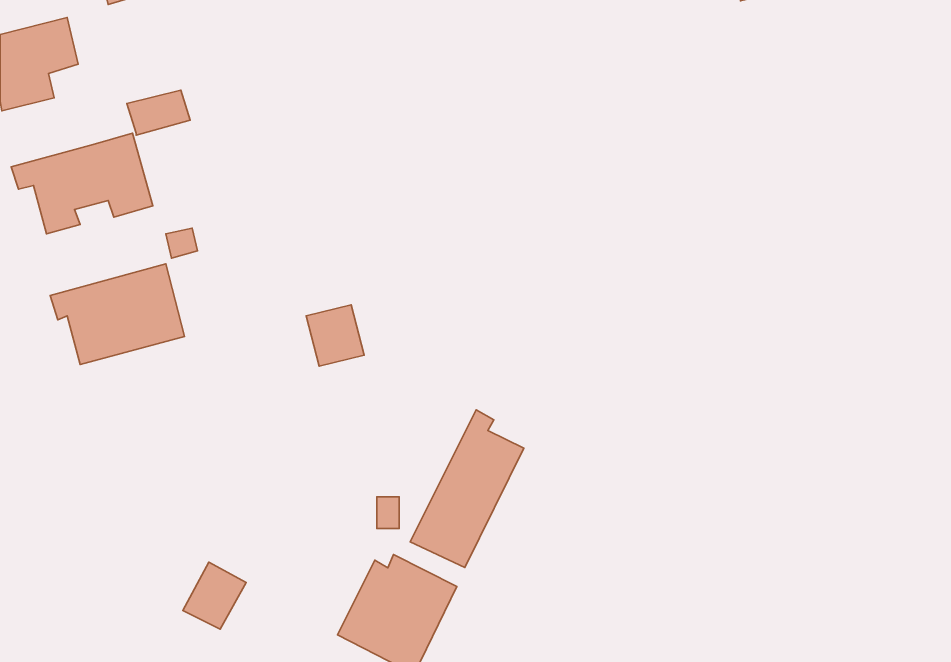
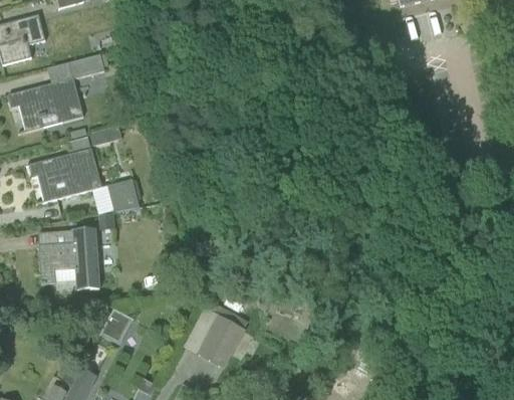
building: [306,305,364,366] -> [107,178,139,211]
building: [410,410,524,568] -> none
building: none -> [38,227,99,290]

